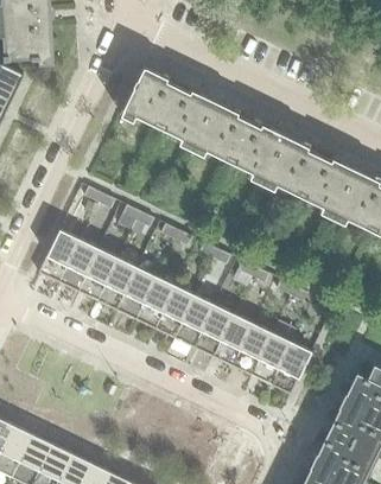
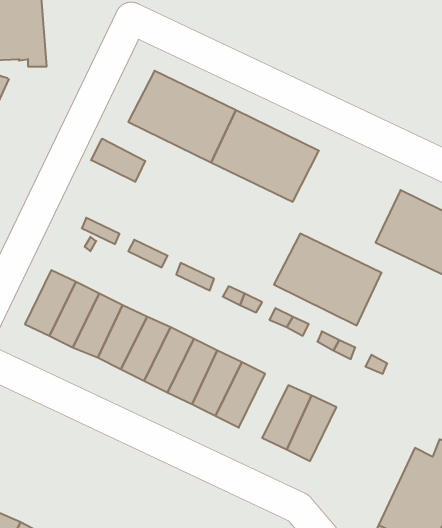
building: none -> [91,139,145,182]
building: [254,132,342,206] -> [274,234,382,325]
building: [210,313,250,365] -> none
building: [268,340,310,394] -> none

